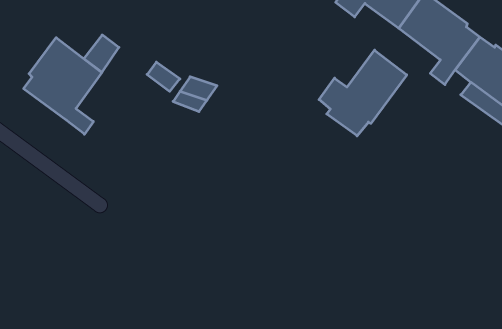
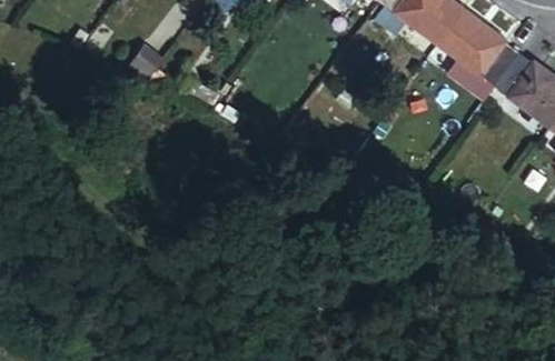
building: [24,38,102,134] -> none
building: [319,50,407,136] -> none

